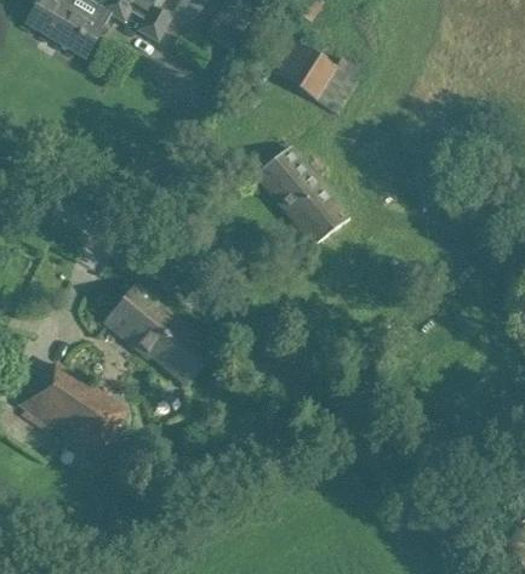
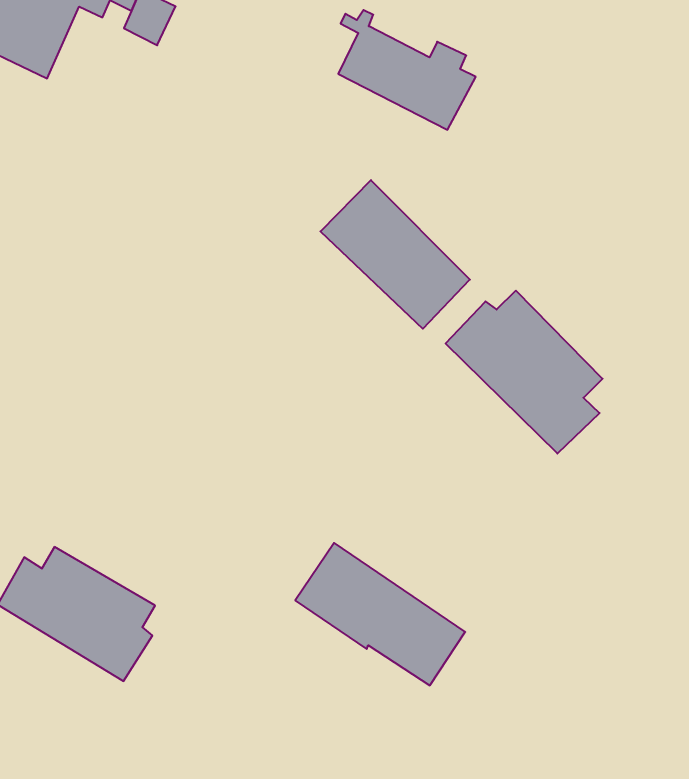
building: none -> [446,291,603,454]
building: [108,284,217,383] -> [295,543,465,685]

